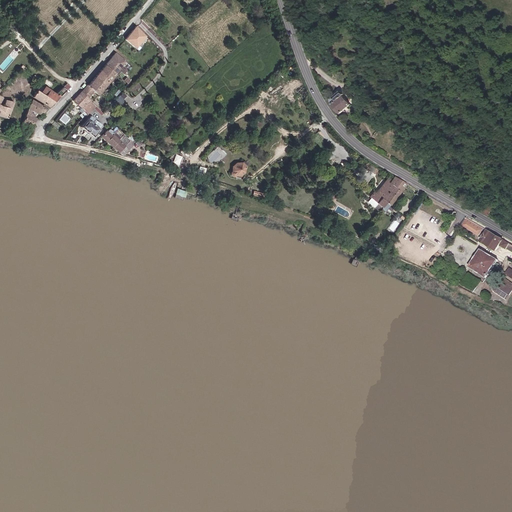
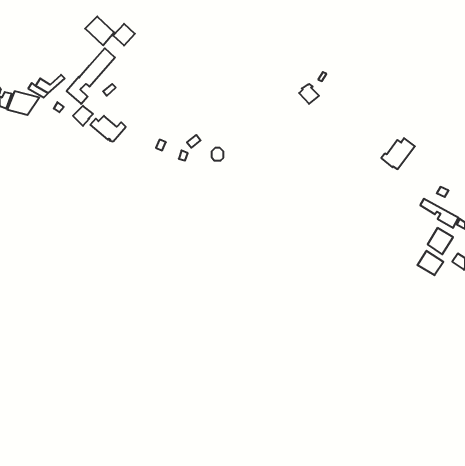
building: none -> [85,16,114,45]
building: [369,176,406,210] -> [381,138,415,169]
building: none -> [417,251,443,275]

